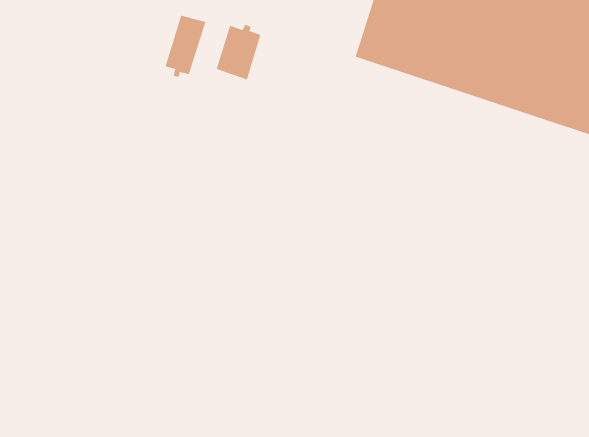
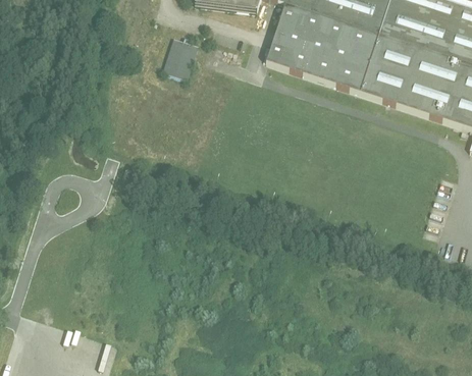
building: [165,15,206,78] -> none

